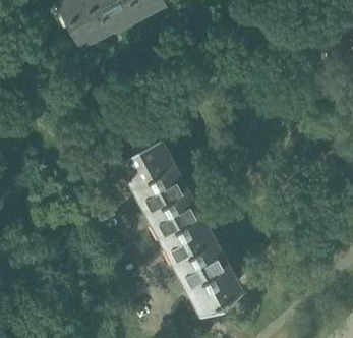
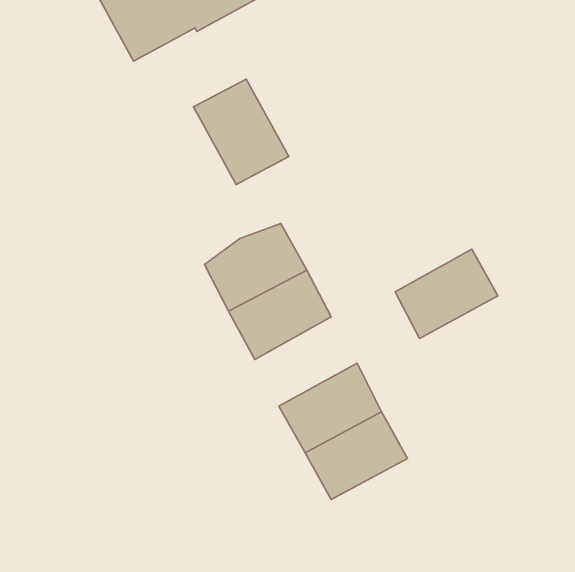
building: none -> [194,79,289,184]
building: [145,189,201,238] -> [395,249,498,339]
building: [187,267,242,315] -> none

